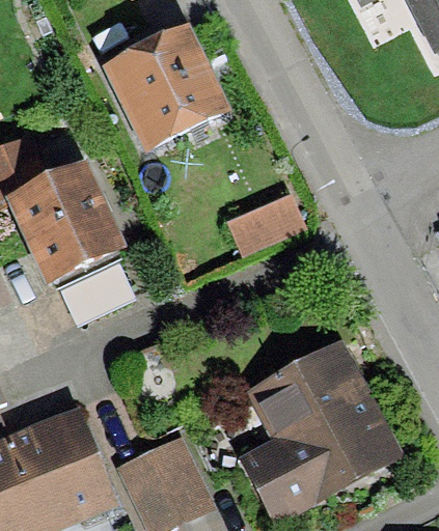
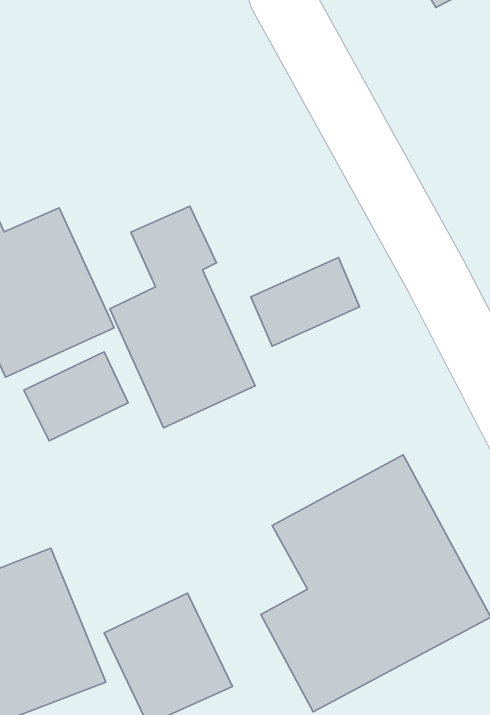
building: [100,21,230,149] -> none
building: none -> [110,206,255,428]

